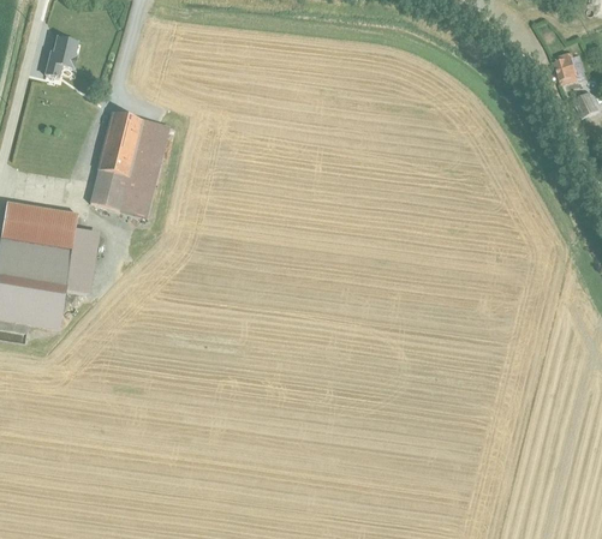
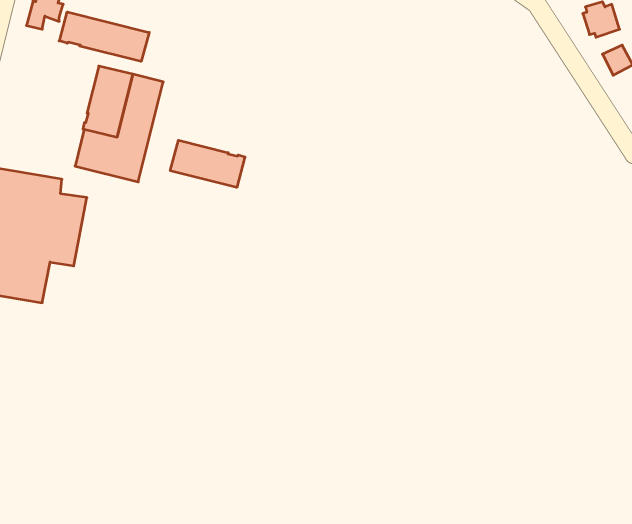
building: none -> [59,12,149,61]
building: none -> [170,140,245,187]

